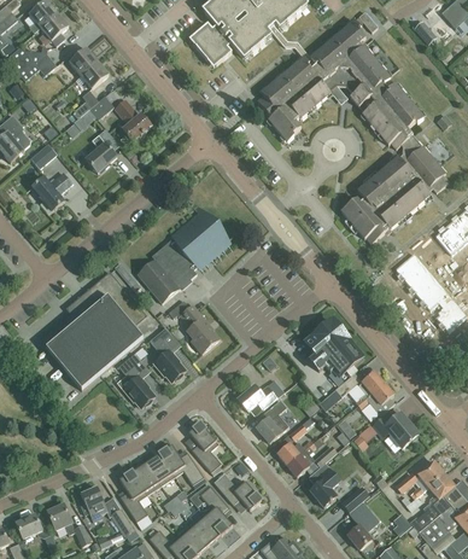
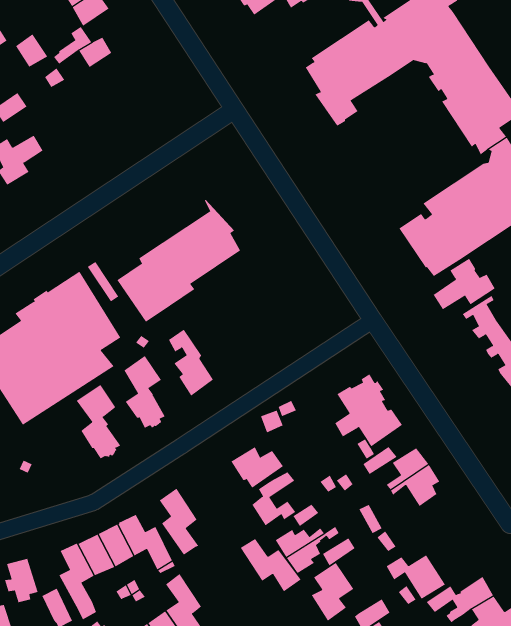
building: [115,99,151,141] -> none
building: [86,129,117,173] -> none
building: none -> [433,258,495,310]
building: [373,413,419,447] -> [386,555,446,600]
building: [213,472,262,509] -> [240,538,301,592]

